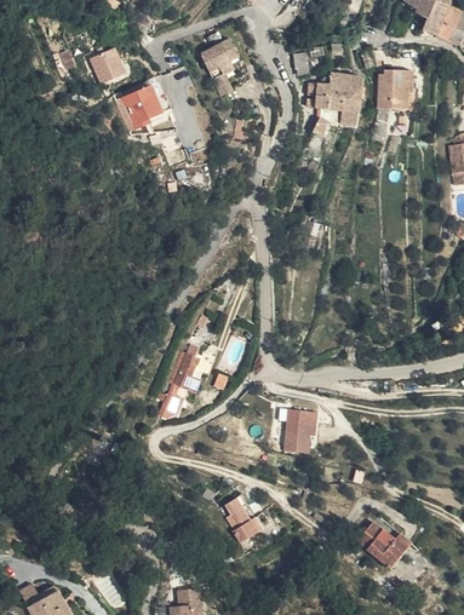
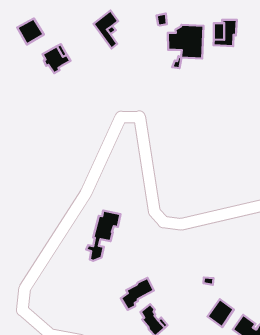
building: [283,408,320,450] -> none
building: none -> [121,278,154,310]
building: none -> [208,299,234,327]

